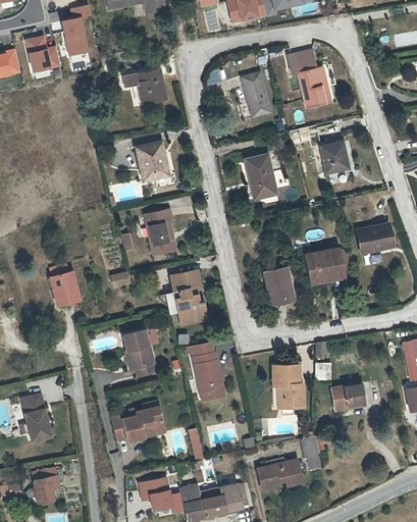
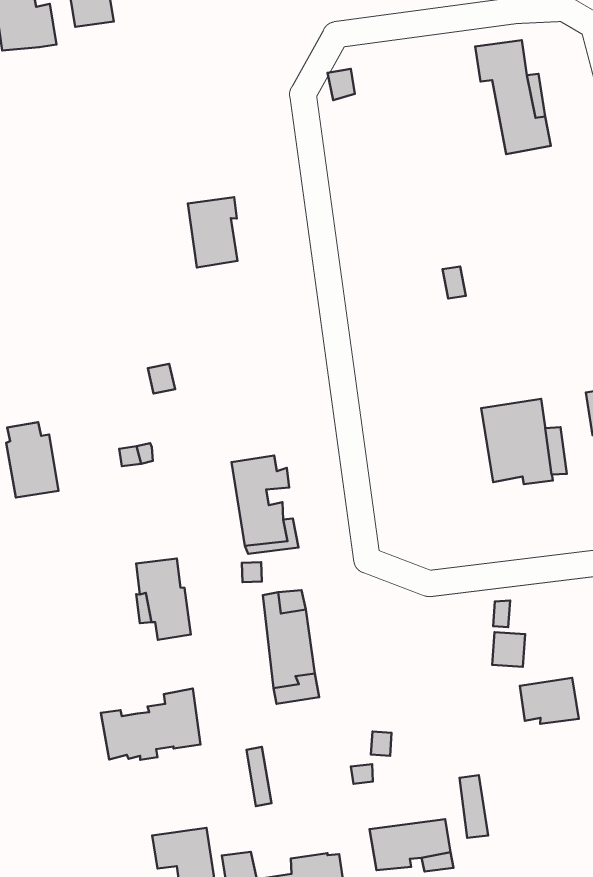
building: [124,70,167,107] -> none
building: [244,71,272,114] -> none
building: [322,142,350,172] -> none
building: [244,155,277,201] -> none
building: [148,212,175,257] -> none
building: [262,270,293,305] -> none
building: [274,369,303,412] -> none

